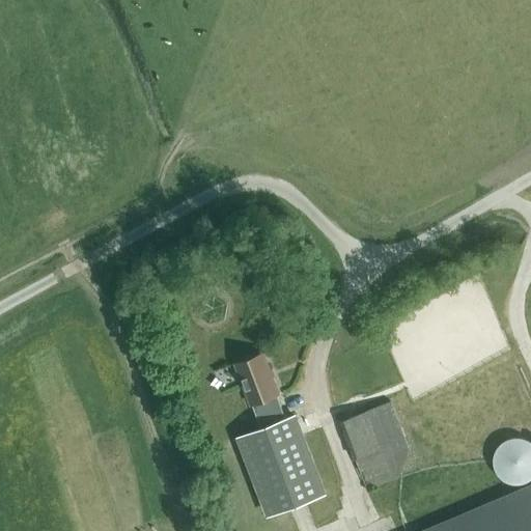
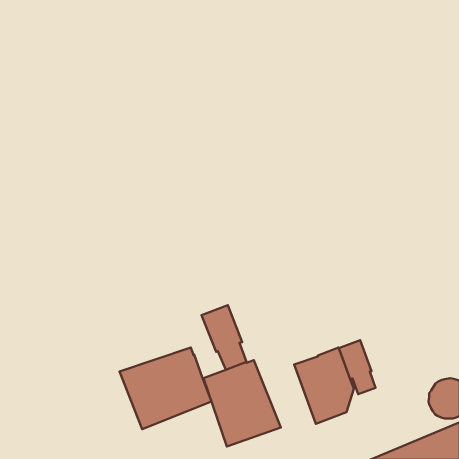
building: none -> [339,340,375,394]
building: none -> [120,347,211,429]

